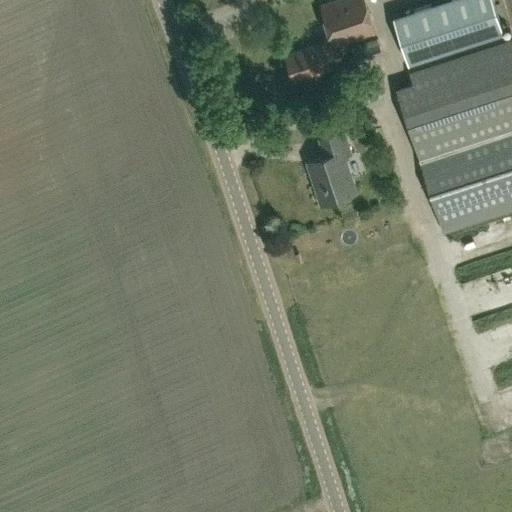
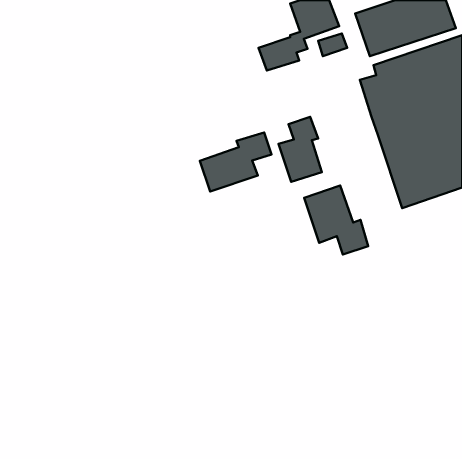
building: none -> [200,133,272,192]
building: none -> [304,185,368,255]

